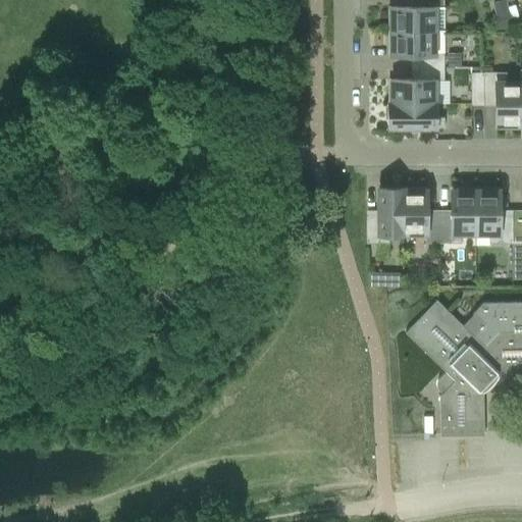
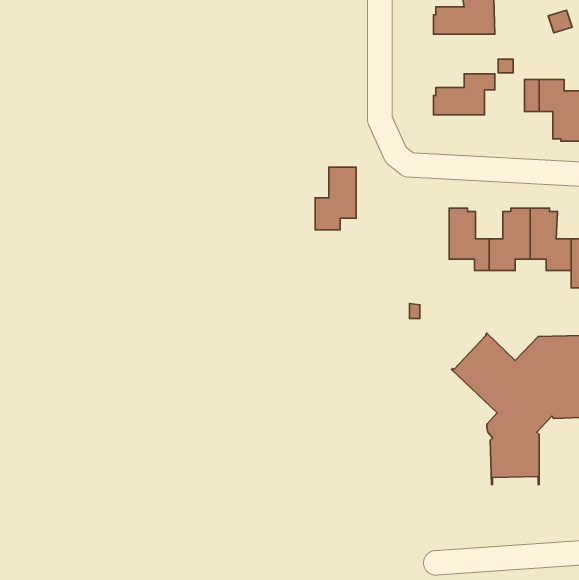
building: [390,31,446,66] -> none
building: [390,103,446,126] -> none
building: [368,187,405,243] -> [315,167,356,230]

